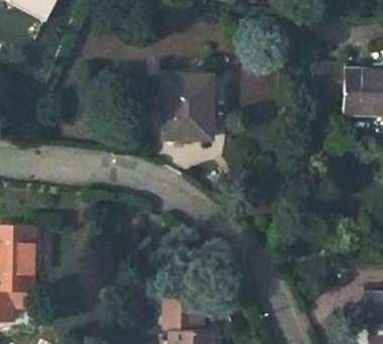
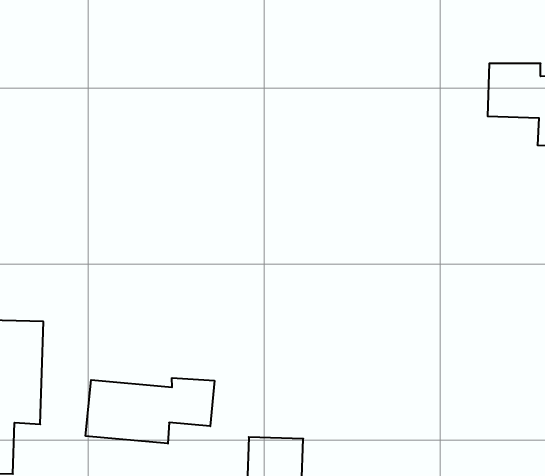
building: [162,77,210,132] -> none
building: none -> [86,378,214,444]

